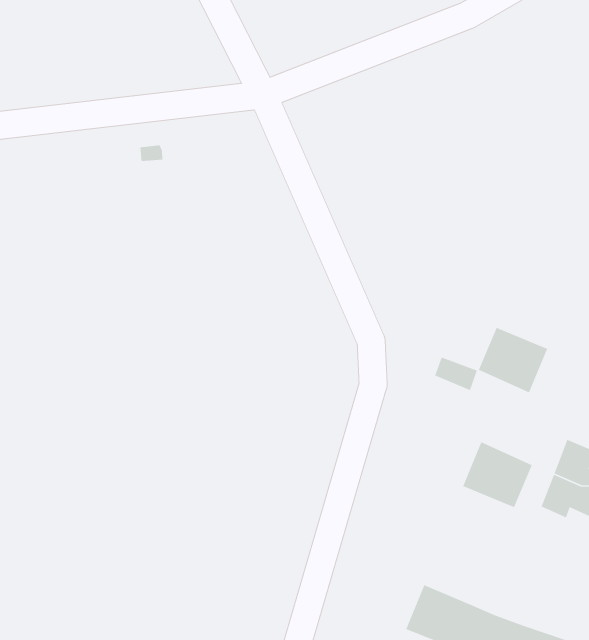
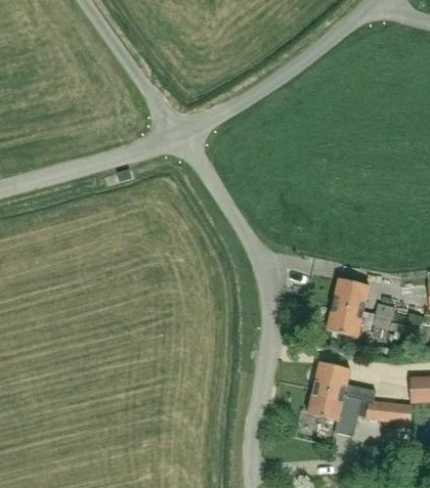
building: [478,327,548,394] -> [332,276,369,310]
building: none -> [313,360,375,399]

